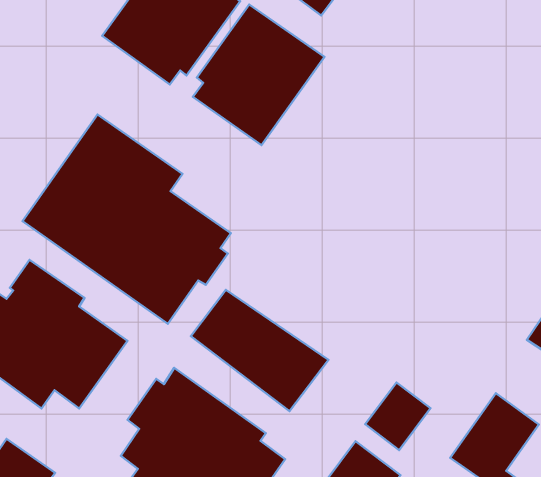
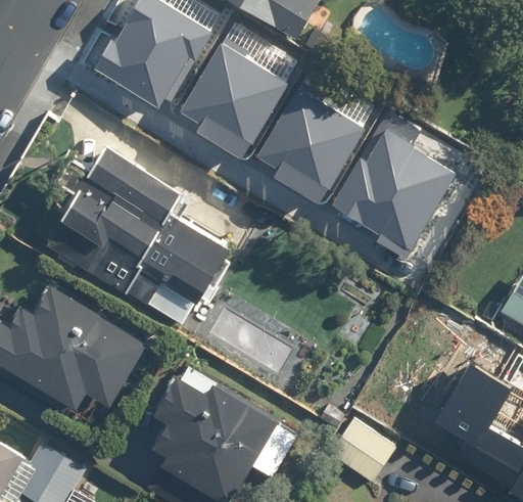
building: none -> [260,81,375,206]
building: none -> [329,133,463,262]
building: [365,382,431,450] -> none

